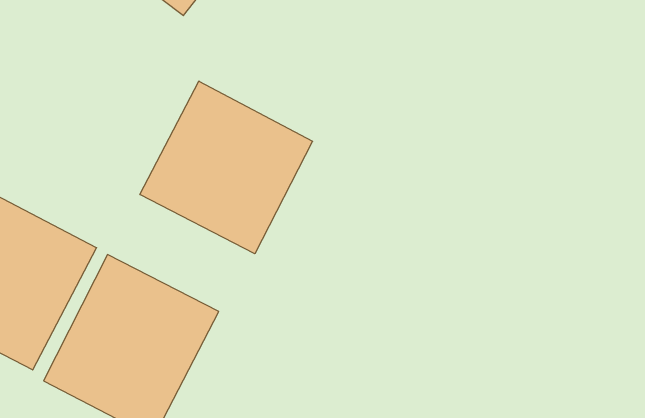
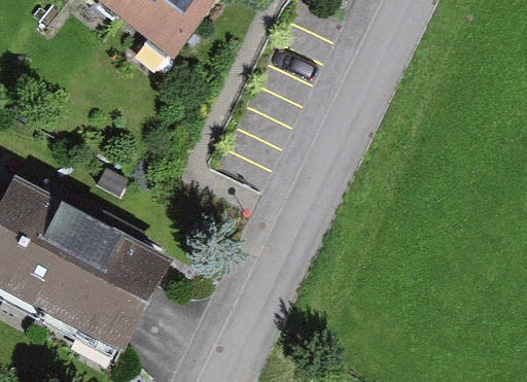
building: [140,81,313,254] -> none

